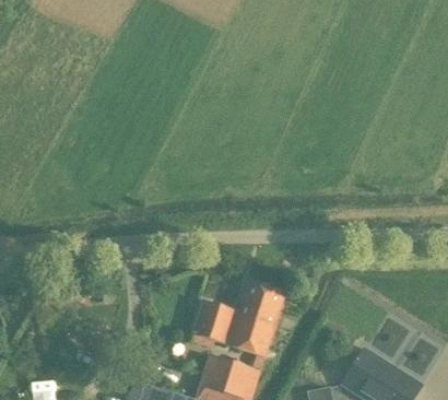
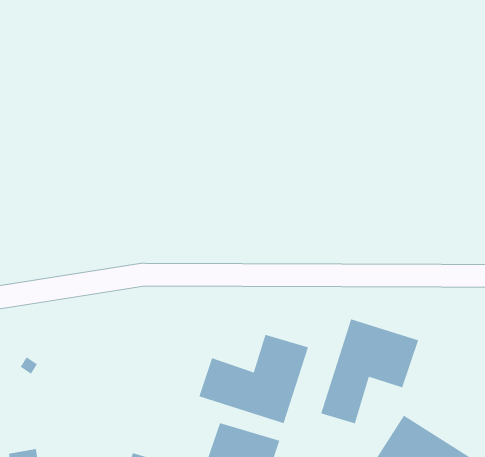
building: none -> [321,318,419,424]

